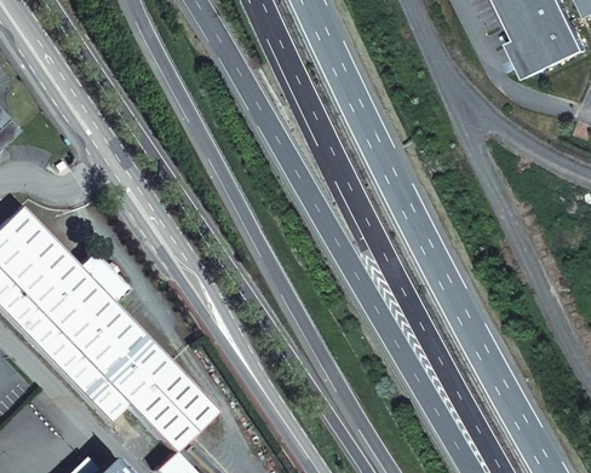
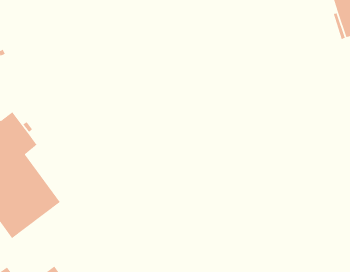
building: [125,359,213,449] -> none

